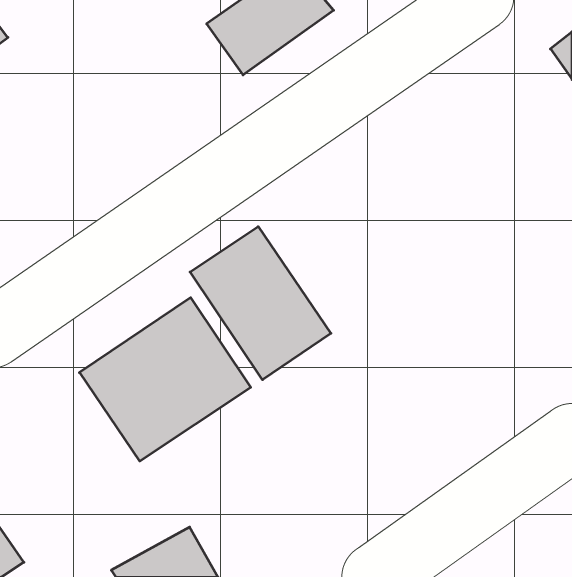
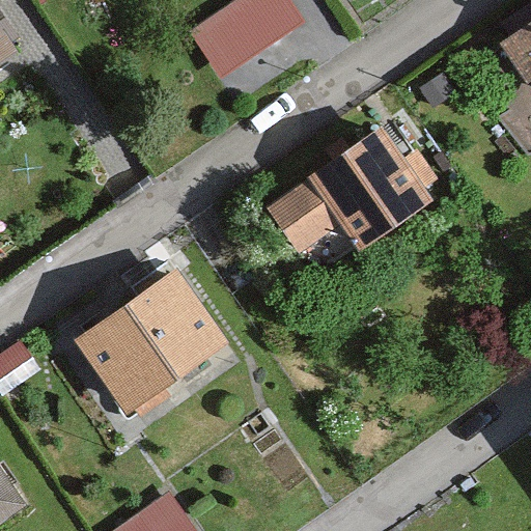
building: none -> [268,125,440,256]
building: [190,227,331,380] -> none

